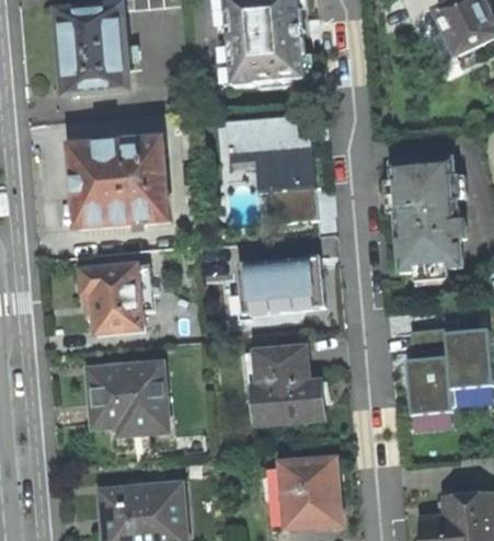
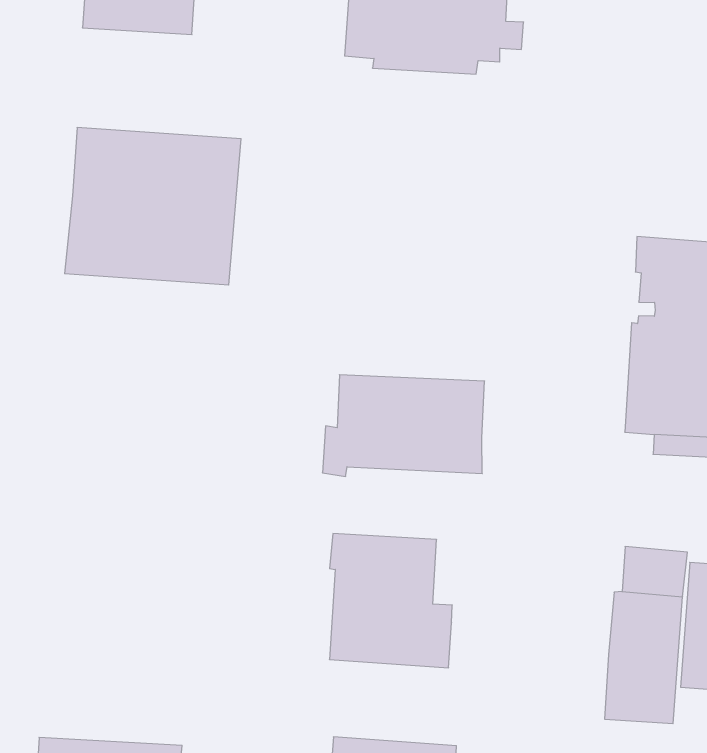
building: [227,116,318,222] -> none
building: [82,262,154,333] -> none
building: [90,364,166,433] -> none

